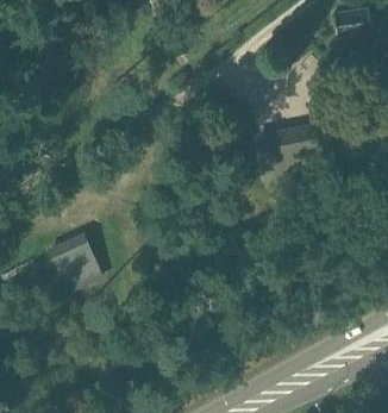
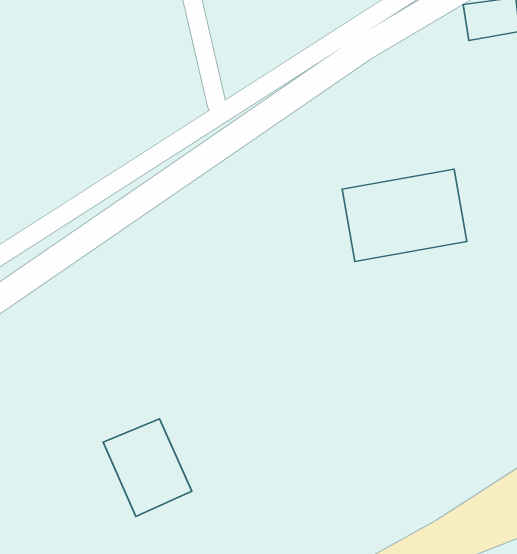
building: [46,231,105,295] -> [103,419,192,516]

